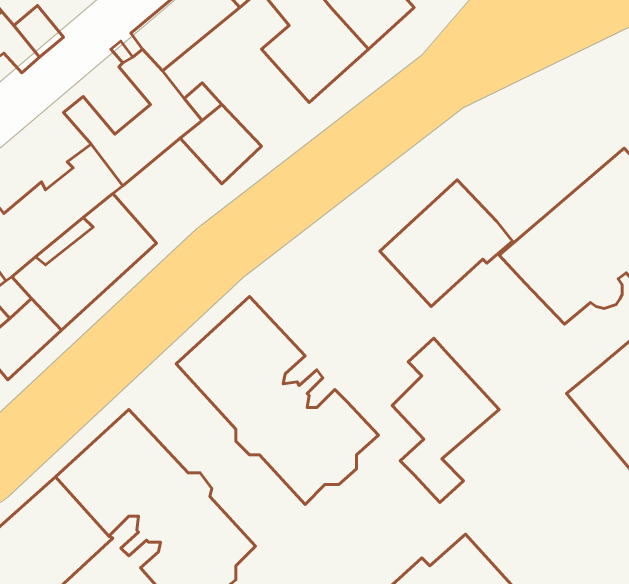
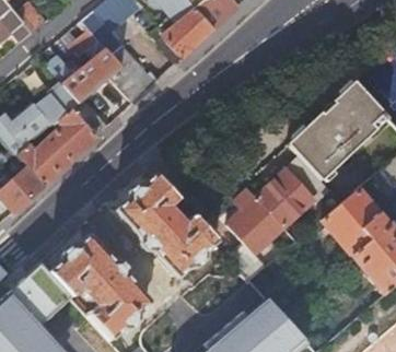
building: [380,180,513,307] -> [257,157,330,227]

